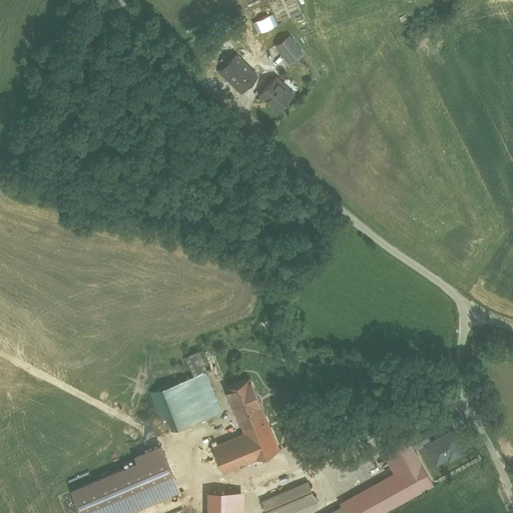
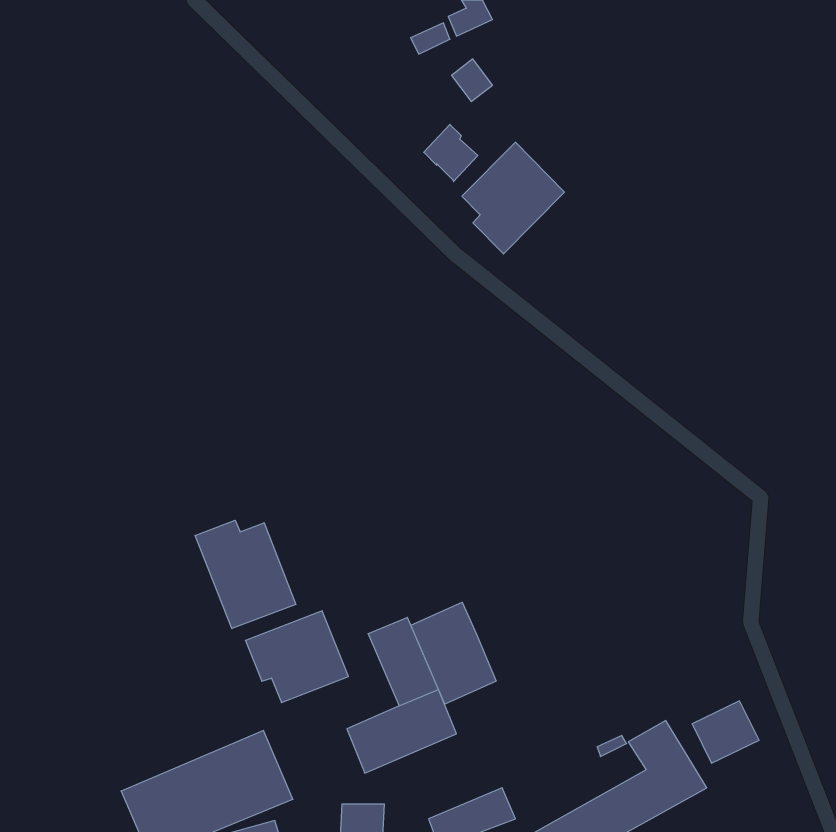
building: [219,52,258,95] -> none
building: none -> [462,142,564,254]
building: none -> [195,520,296,629]
building: none -> [411,602,496,704]

